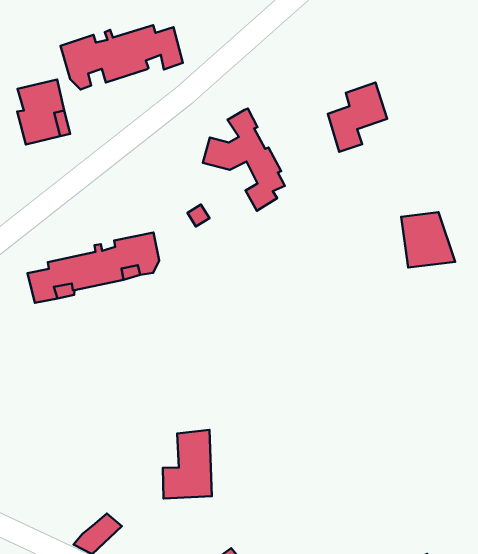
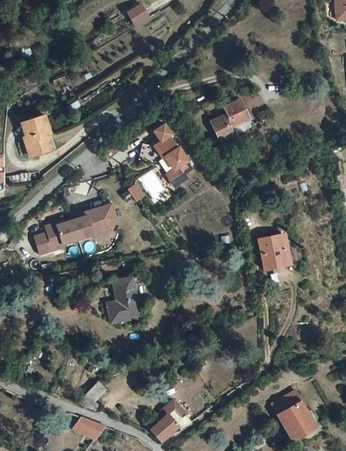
building: [60,25,183,90] -> none
building: [401,212,455,267] -> [258,233,294,269]
building: [163,430,212,498] -> [107,275,139,320]

